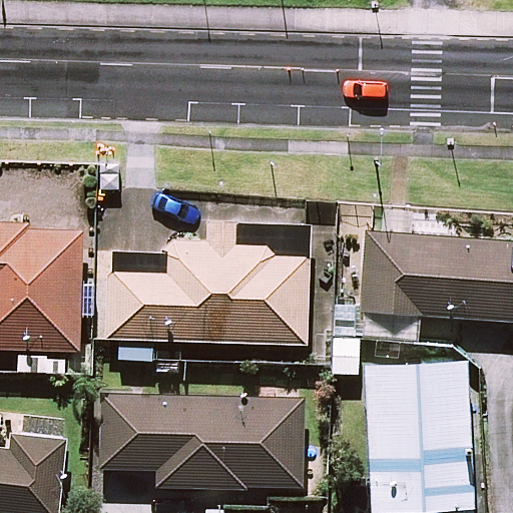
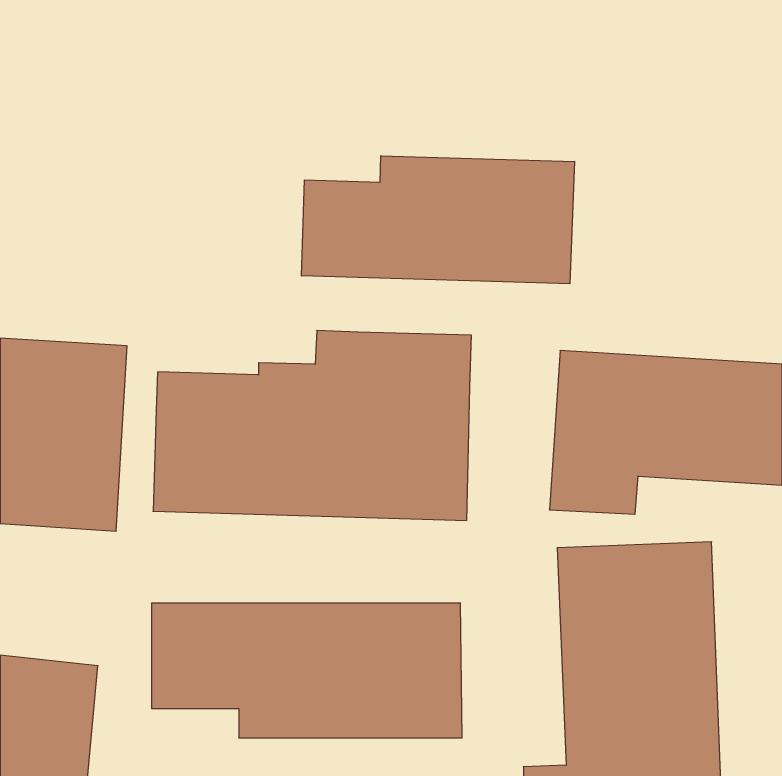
building: none -> [302,156,575,284]

